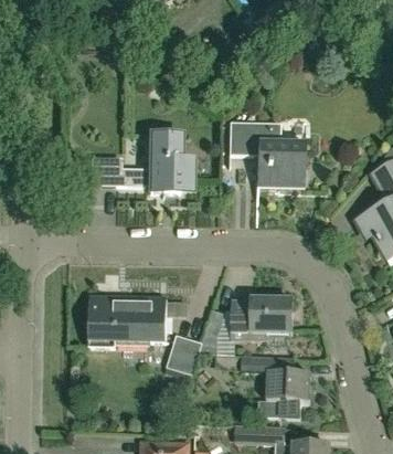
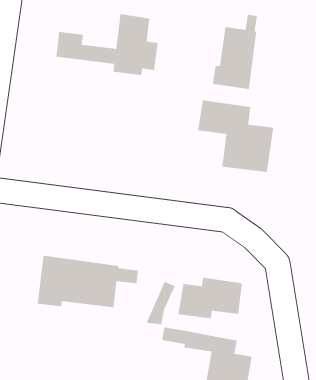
building: none -> [212,14,258,90]
building: [92,133,192,192] -> [55,13,158,76]
building: [166,307,213,378] -> none

